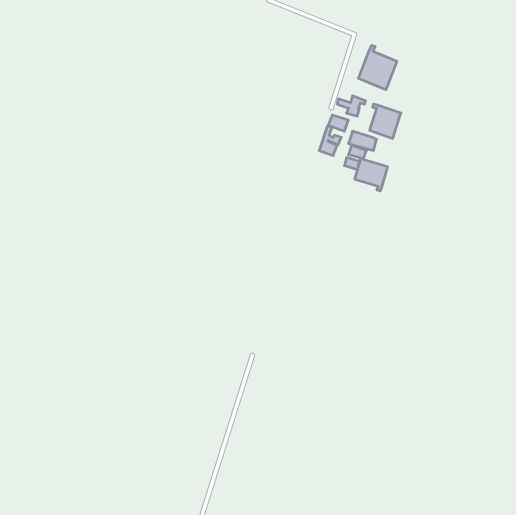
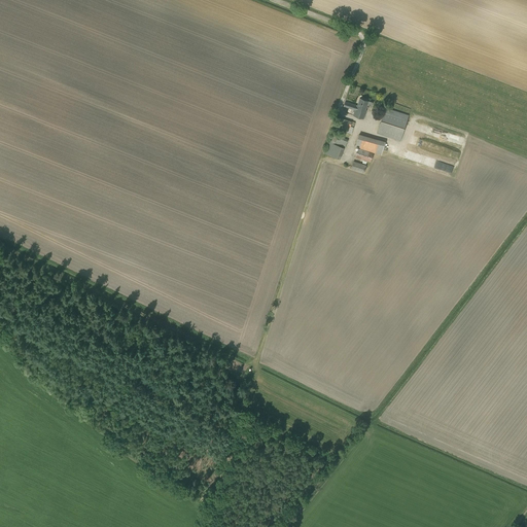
building: [359,45,397,90] -> none
building: [355,159,387,191] -> none

